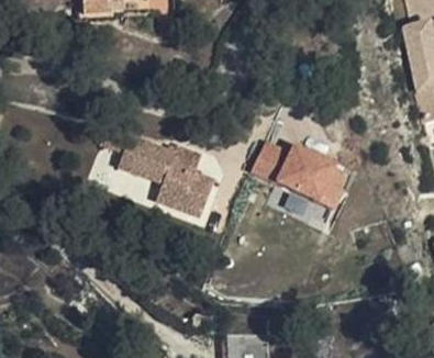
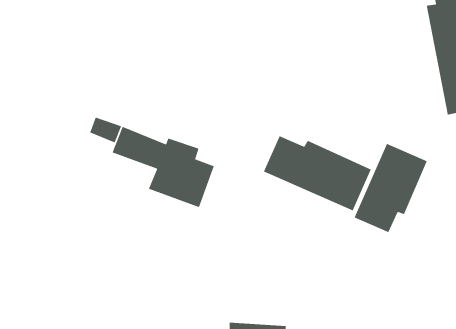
building: none -> [353,143,428,233]

